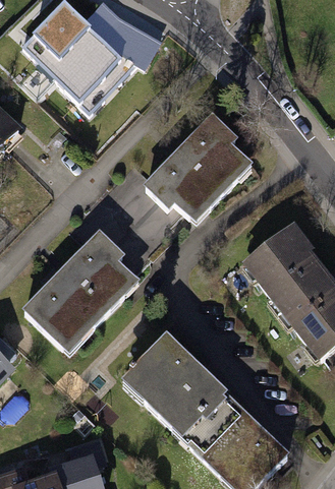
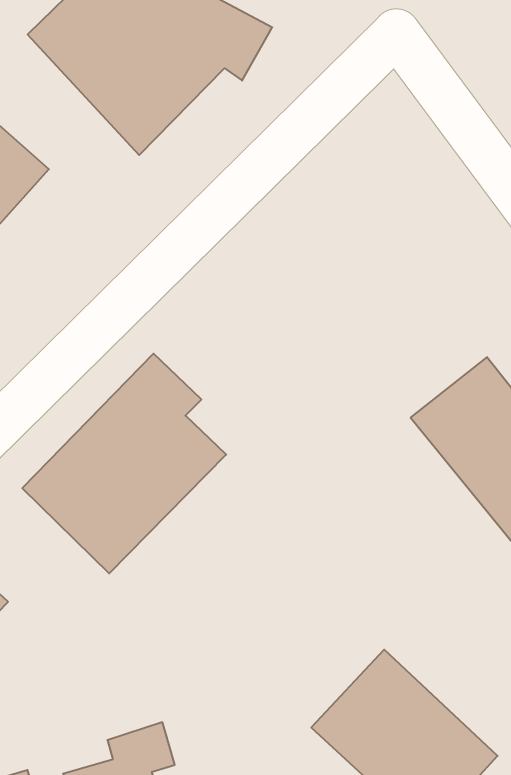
building: [144,115,252,226] -> none
building: [120,334,228,440] -> none

